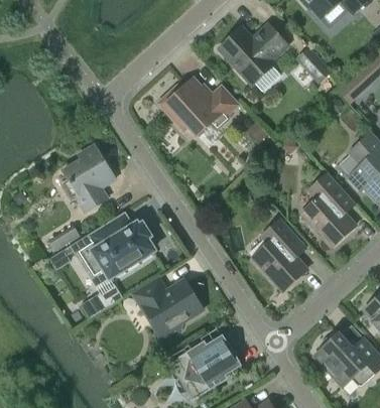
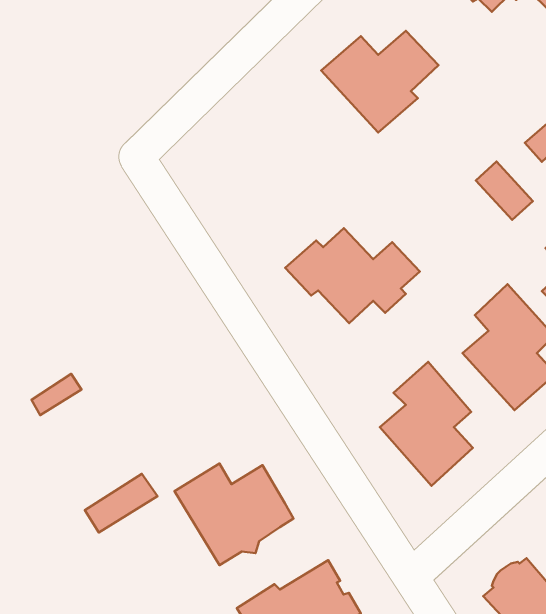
building: [297,47,331,82] -> [476,161,533,220]
building: [159,79,238,134] -> [285,228,420,323]
building: [61,144,113,211] -> none
building: [49,222,154,277] -> none

